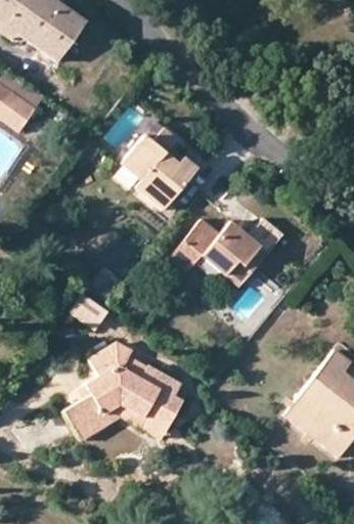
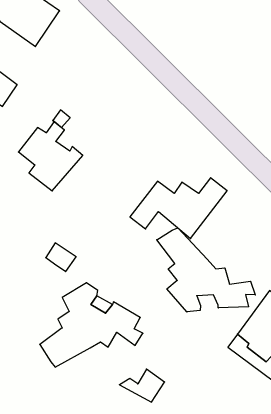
building: [122,128,197,210] -> [18,121,83,191]
building: none -> [157,228,255,312]
building: [122,398,175,437] -> [119,369,165,402]

